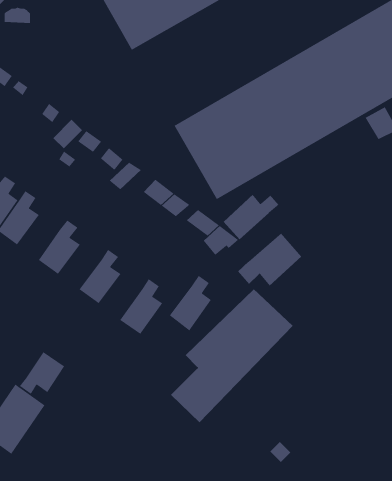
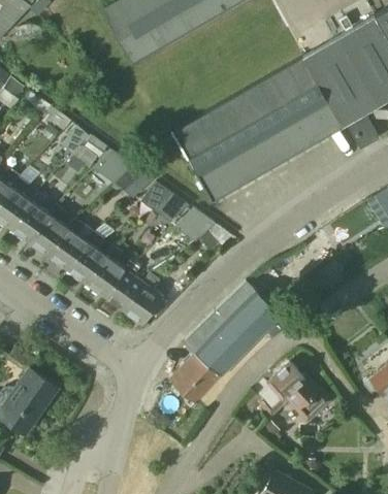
building: [223,194,279,240] -> none
building: none -> [30,205,68,256]
building: [237,233,302,286] -> none
building: none -> [67,232,106,283]
building: [169,275,212,331] -> [104,259,143,310]
building: [19,351,65,395] -> none
building: none -> [257,362,329,421]

